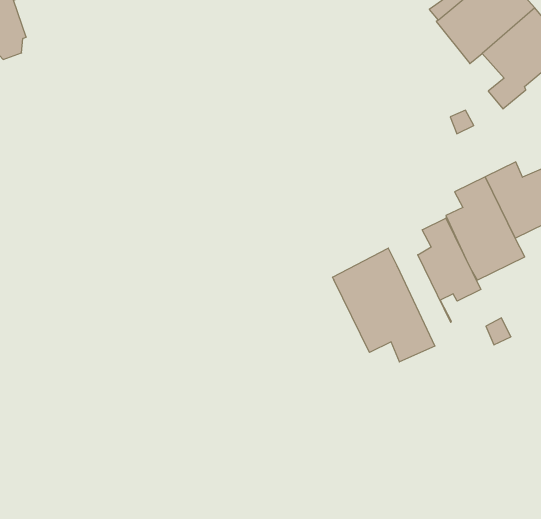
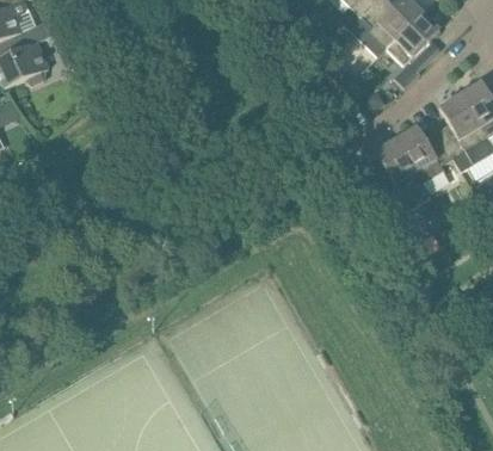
building: [418,218,481,322] -> none
building: [333,248,435,362] -> none

